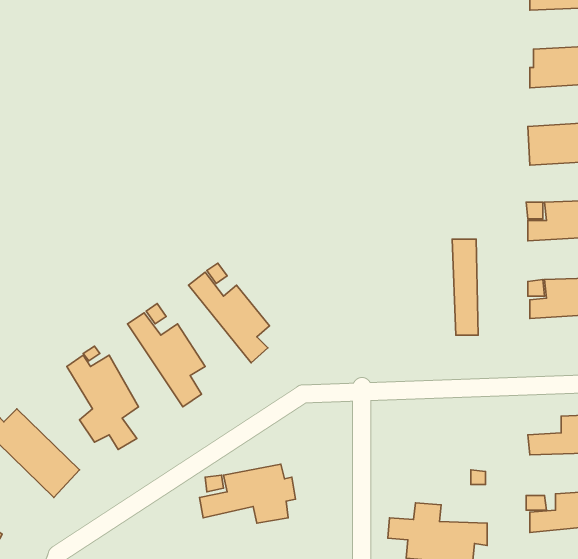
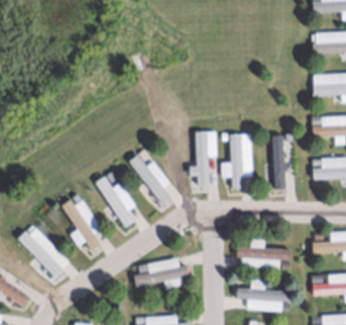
building: none -> [195,131,219,185]
building: none -> [221,134,253,188]
building: none -> [237,239,290,268]

